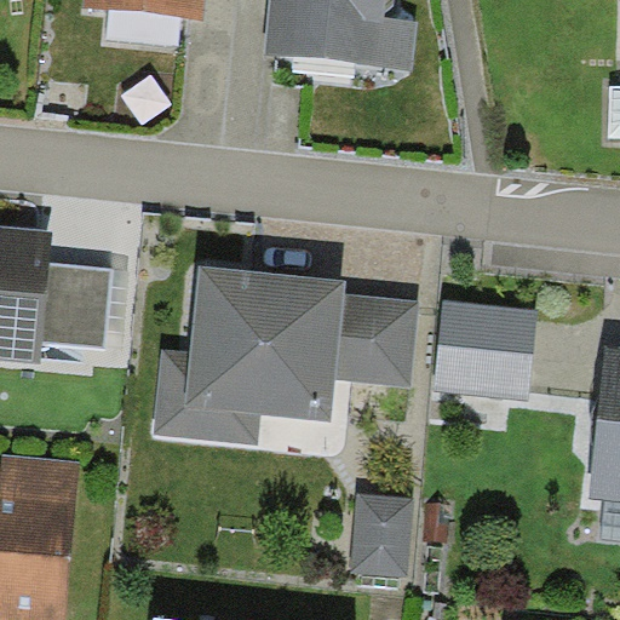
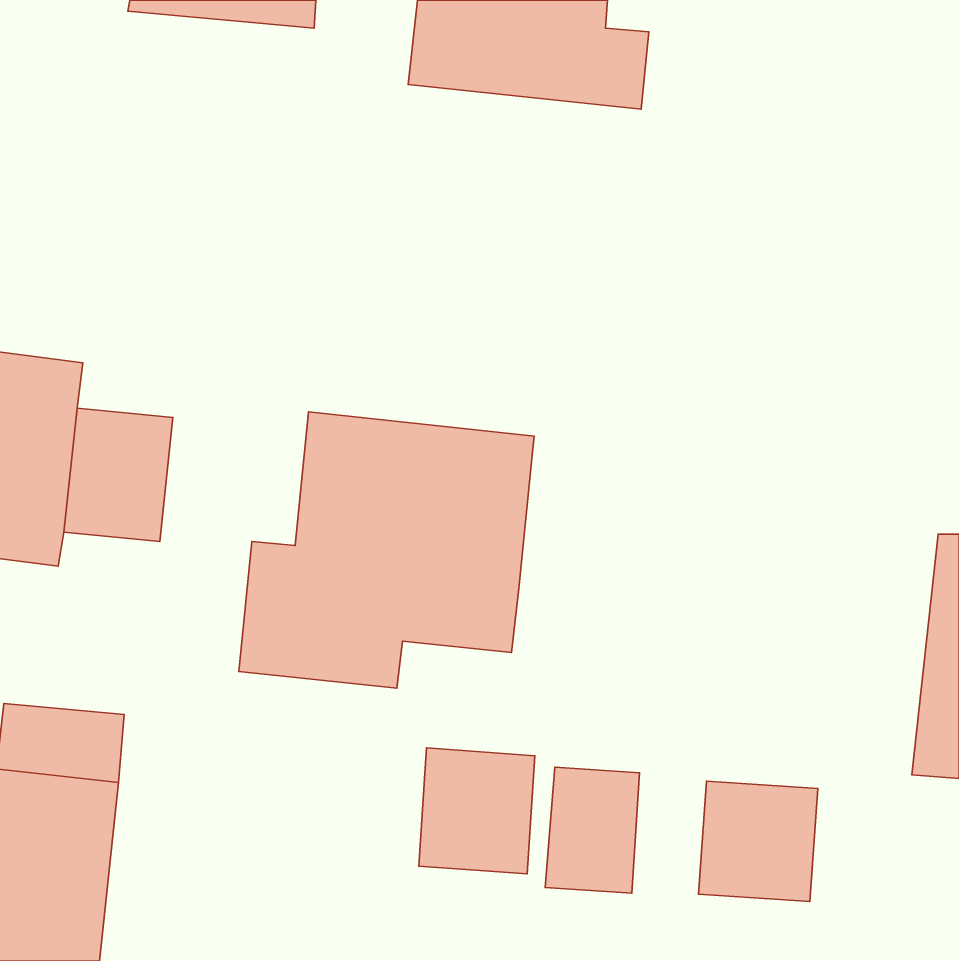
building: [334,293,417,386] -> none
building: [435,300,535,401] -> none
building: none -> [419,748,535,874]
building: none -> [698,781,818,901]

